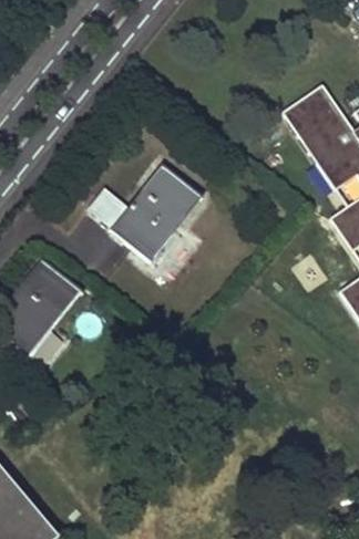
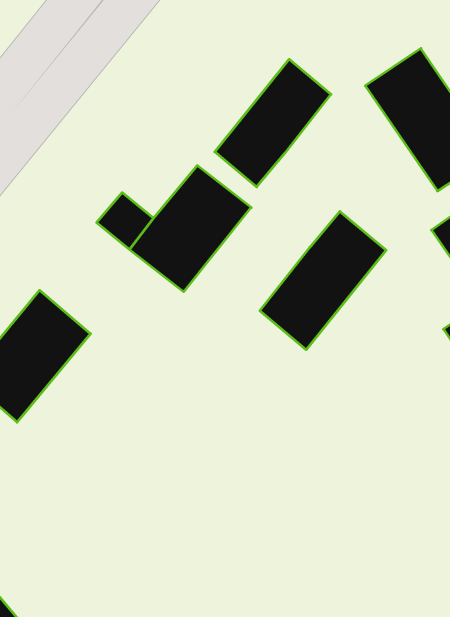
building: none -> [215,59,331,187]
building: none -> [260,211,386,350]

